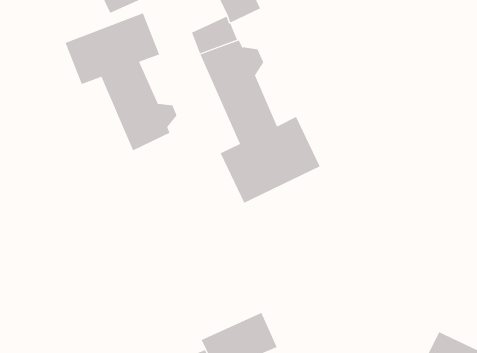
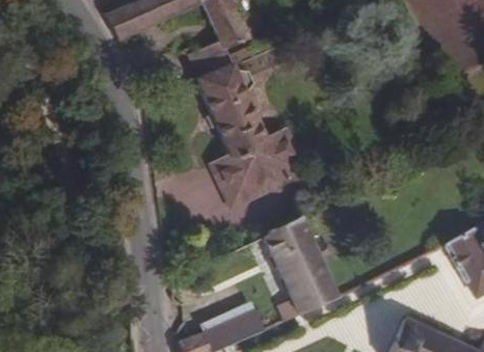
building: [65,12,177,151] -> none
building: none -> [262,214,339,321]

